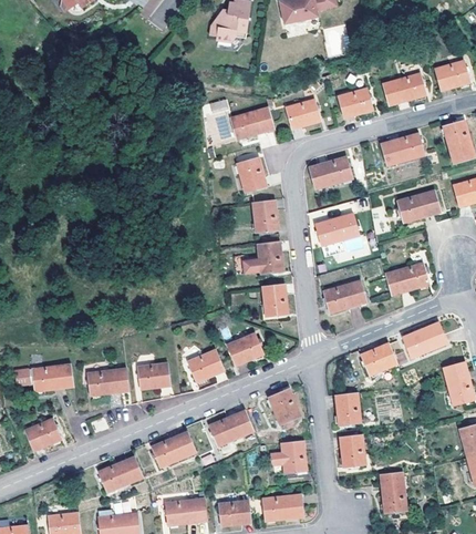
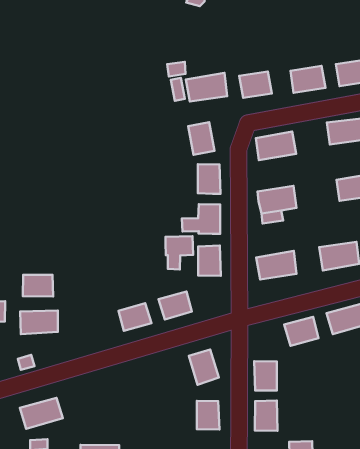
building: none -> [165,236,193,269]
building: [138,363,172,389] -> [23,275,53,297]
building: [207,412,251,449] -> none
building: [152,432,196,468] -> none

